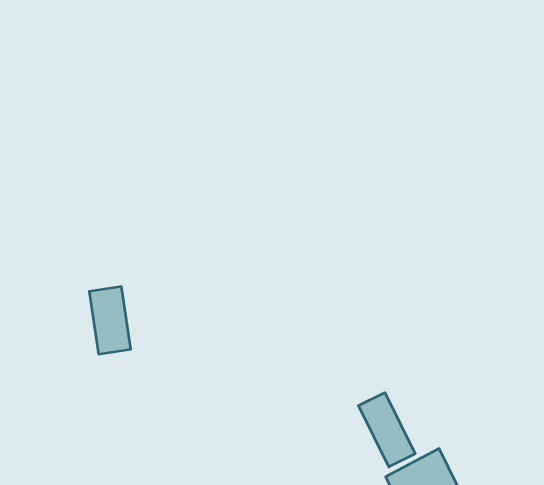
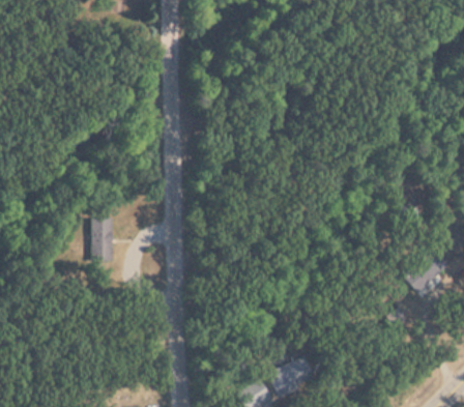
building: [358,393,415,467] -> none

